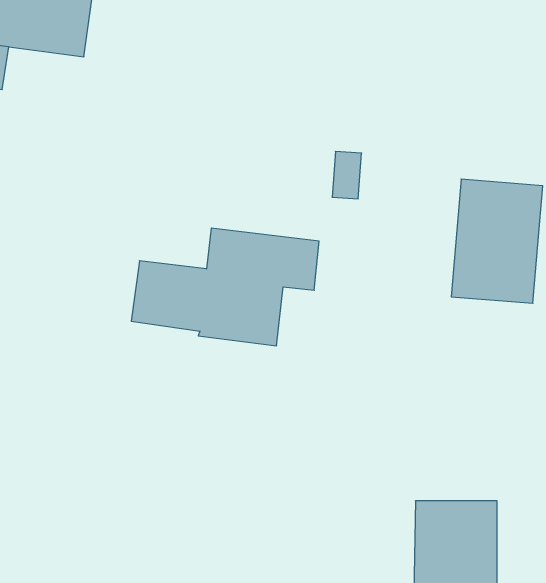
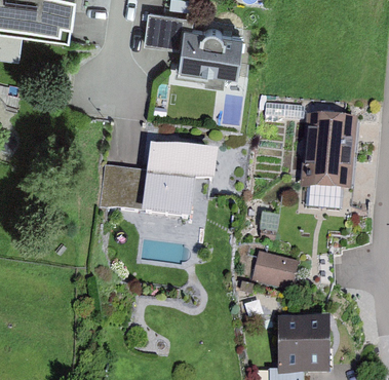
building: none -> [144,10,233,75]
building: none -> [254,251,300,289]

